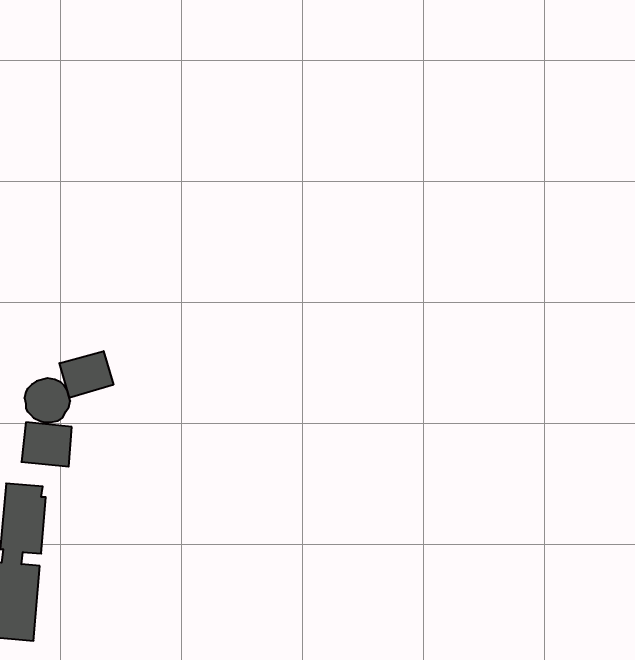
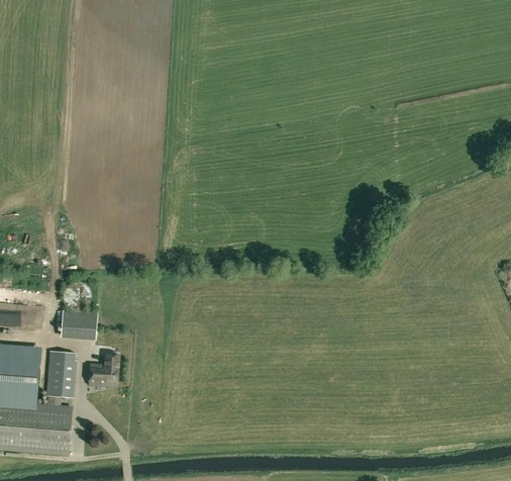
building: [59,351,113,398] -> none
building: none -> [88,353,118,386]

